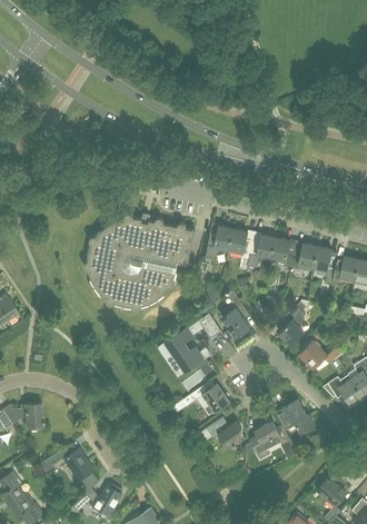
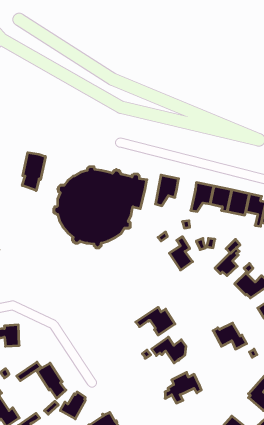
building: none -> [22,153,45,191]
building: [229,228,255,269] -> none
building: [158,314,221,370] -> none
building: [248,422,291,458] -> [165,372,201,403]

